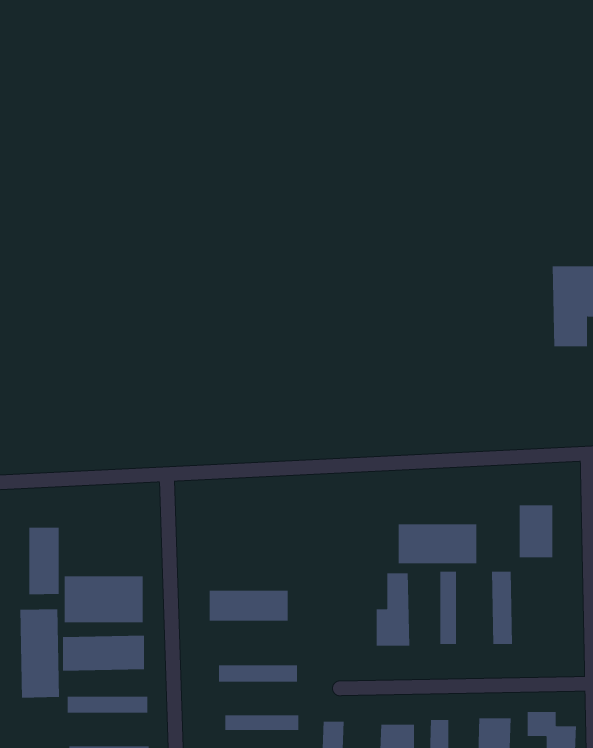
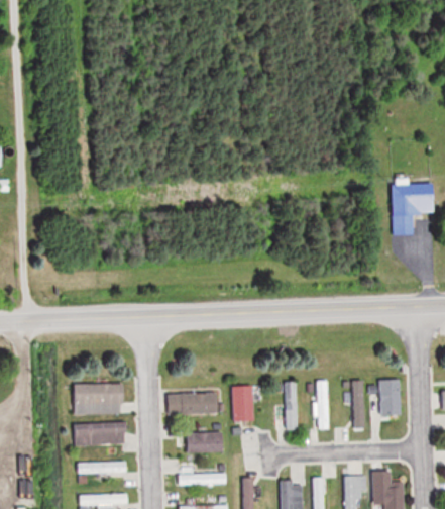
building: [519,505,553,558] -> [378,381,401,415]
building: [398,523,477,564] -> none
building: [29,527,59,595] -> none
building: none -> [230,386,253,420]
building: [20,608,59,698] -> none

